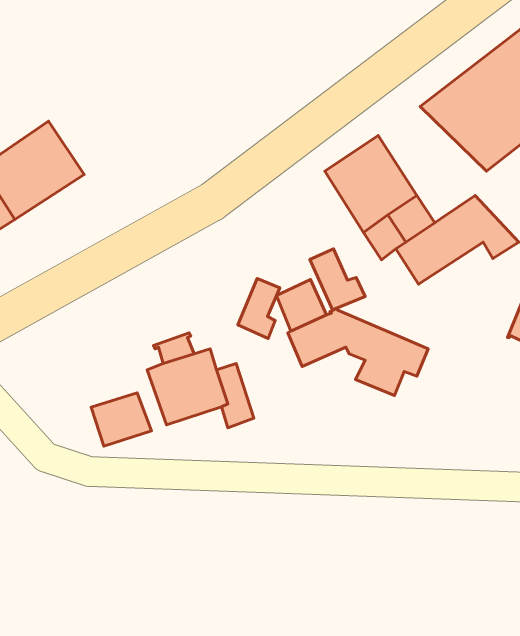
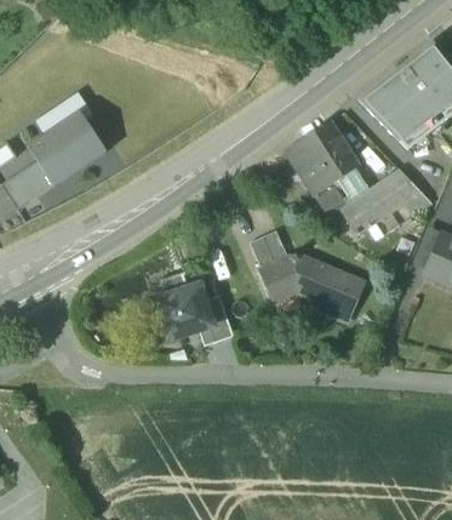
building: [310,249,365,310] -> none
building: [238,278,280,338] -> none
building: [91,393,151,446] -> none

